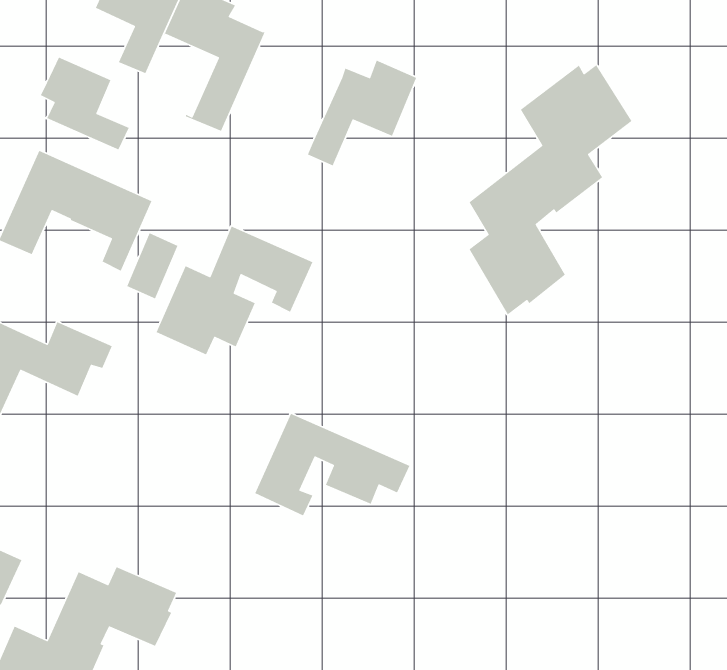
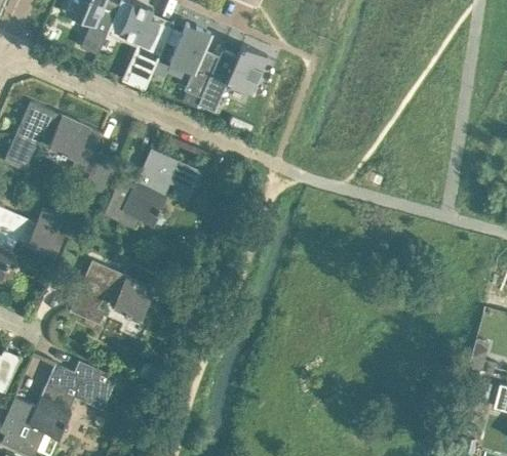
building: none -> [169,24,219,97]
building: [40,56,130,150] -> none
building: [468,64,633,316] -> none
building: [254,413,411,516] -> [69,260,166,325]

